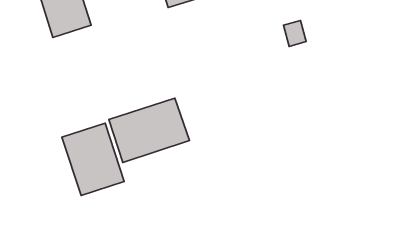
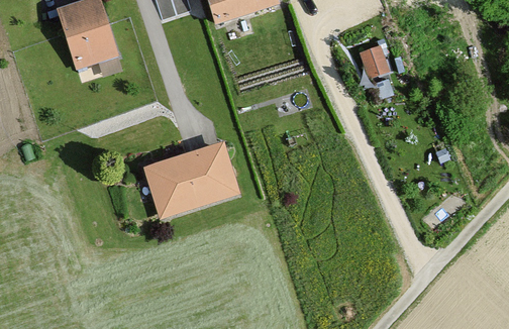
building: [62,123,124,195] -> none

